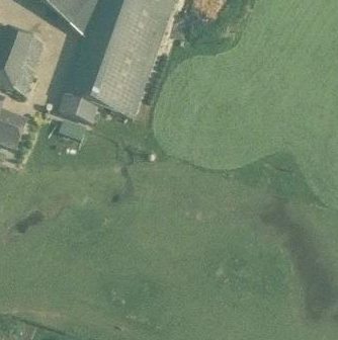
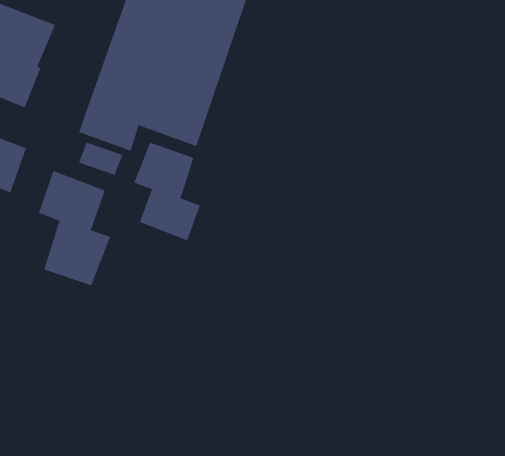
building: none -> [134,142,200,241]
building: none -> [38,170,111,286]

